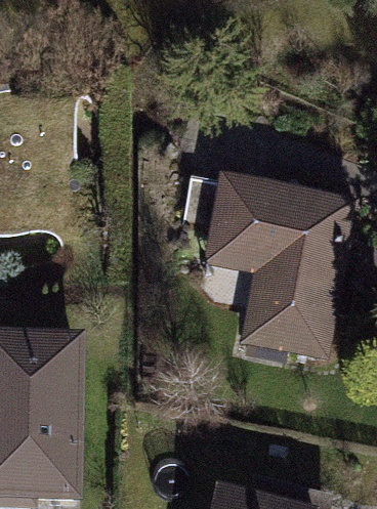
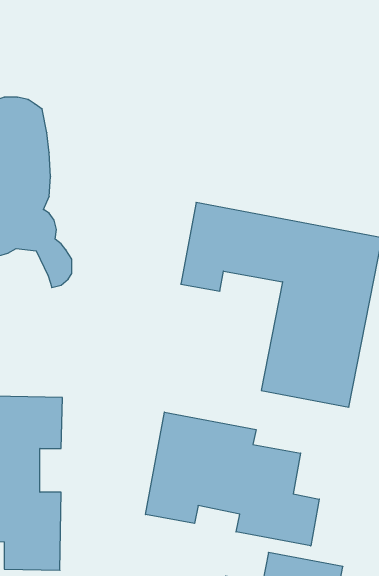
building: none -> [146,412,319,546]

